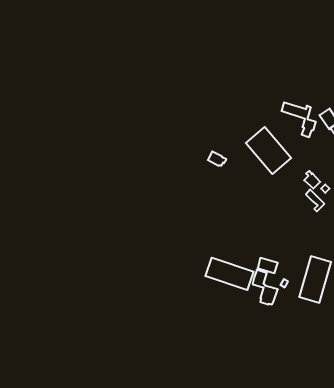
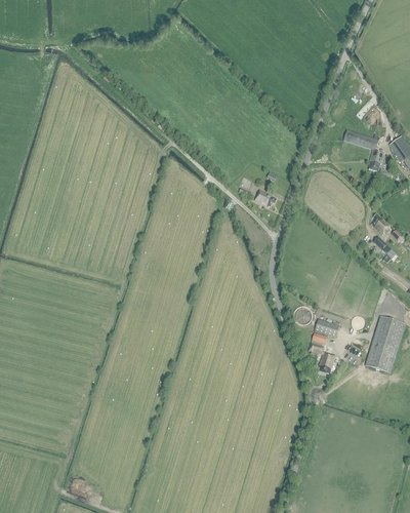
building: [246,127,291,174] -> none
building: [205,258,254,290] -> none

